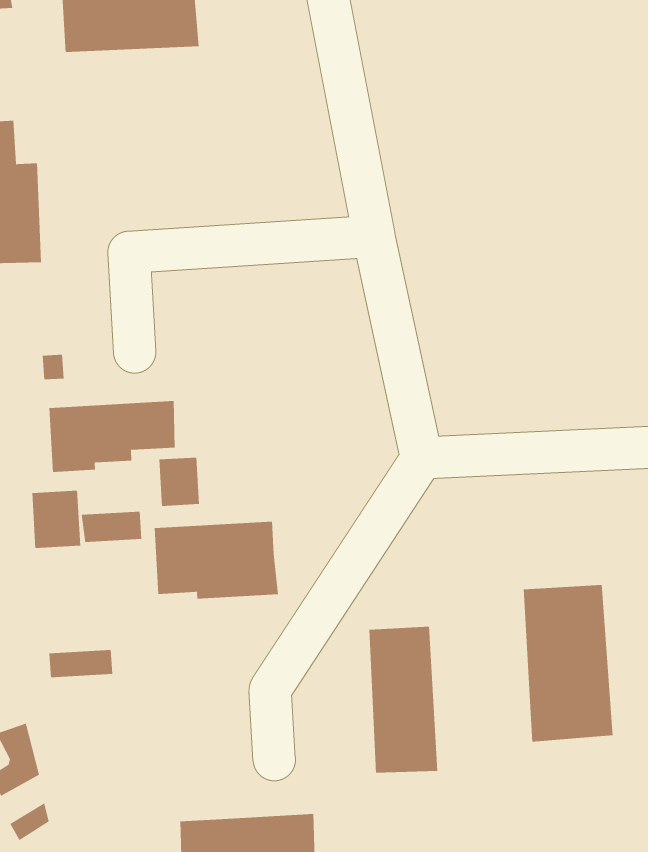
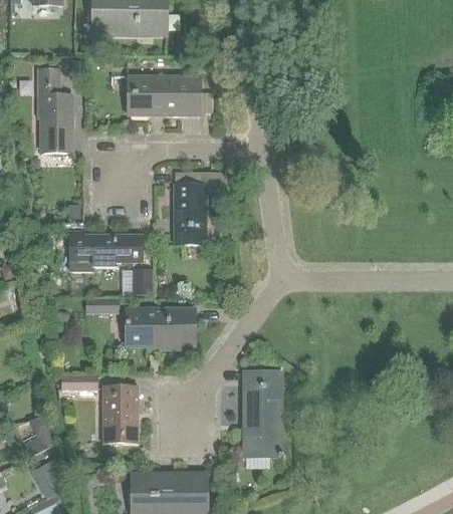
building: none -> [127,76,199,116]
building: none -> [174,172,227,244]
building: [32,490,81,549] -> none
building: [523,584,613,742] -> none
building: none -> [102,386,138,444]

